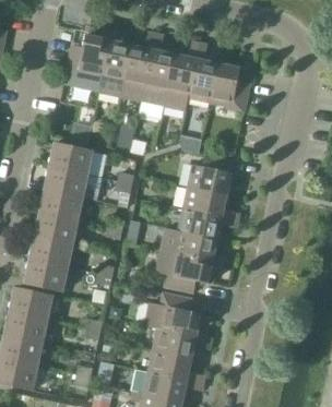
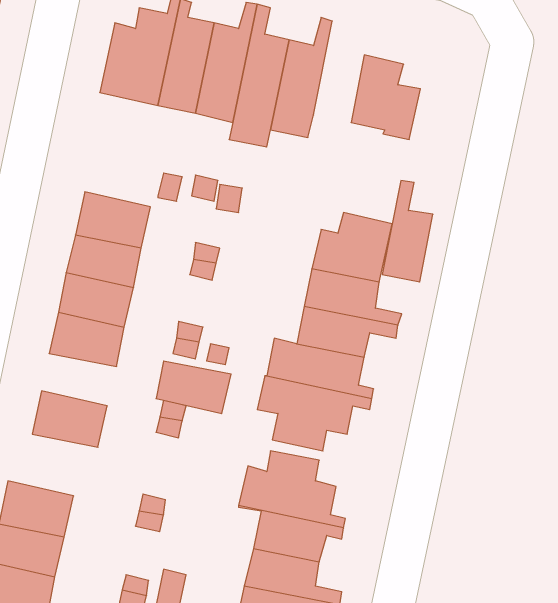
building: [188,43,217,101] -> [382,181,433,282]
building: [29,236,73,266] -> [156,361,231,414]
building: [10,287,52,319] -> none

